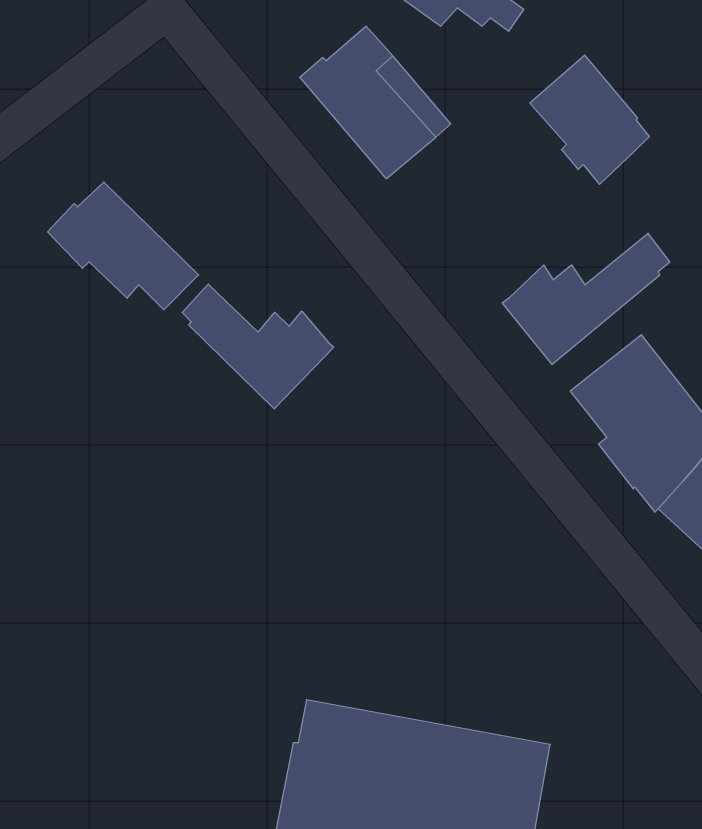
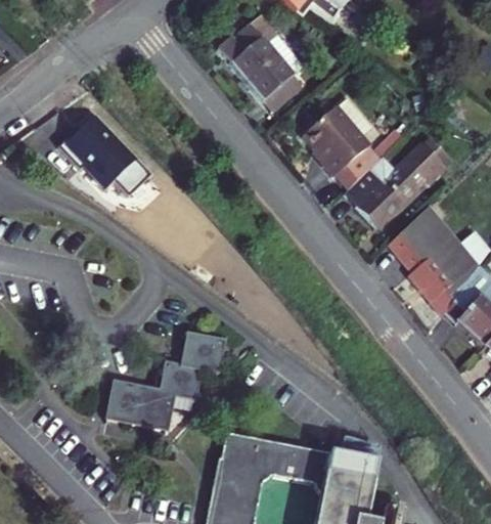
building: [530,55,649,184] -> [306,105,380,185]
building: [182,284,334,409] -> none
building: none -> [107,336,225,430]

